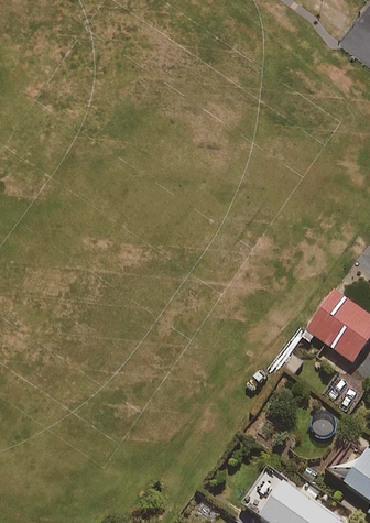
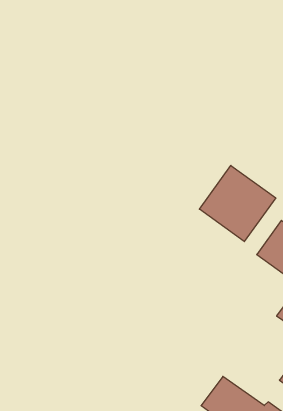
building: none -> [199,165,276,242]

